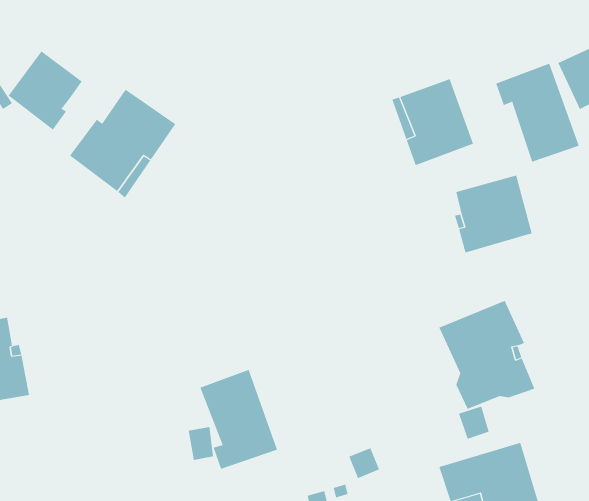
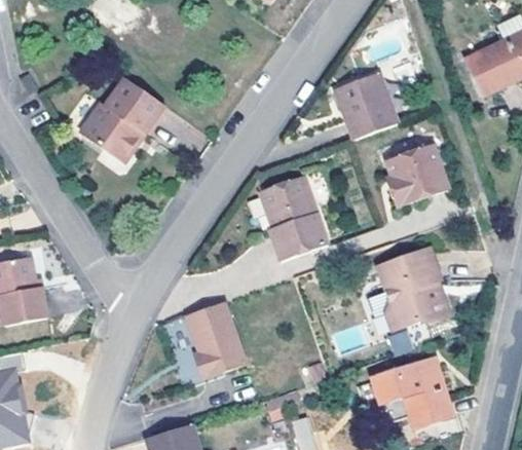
building: [8,50,82,130] -> none
building: [495,63,579,162] -> none
building: none -> [260,176,327,260]

